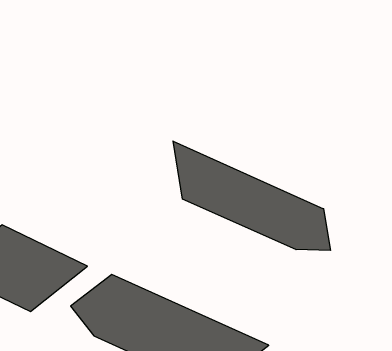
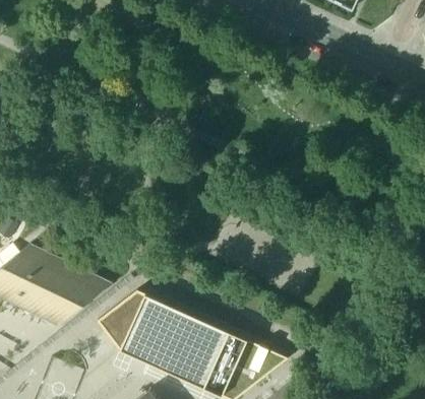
building: [173,141,331,250] -> none

